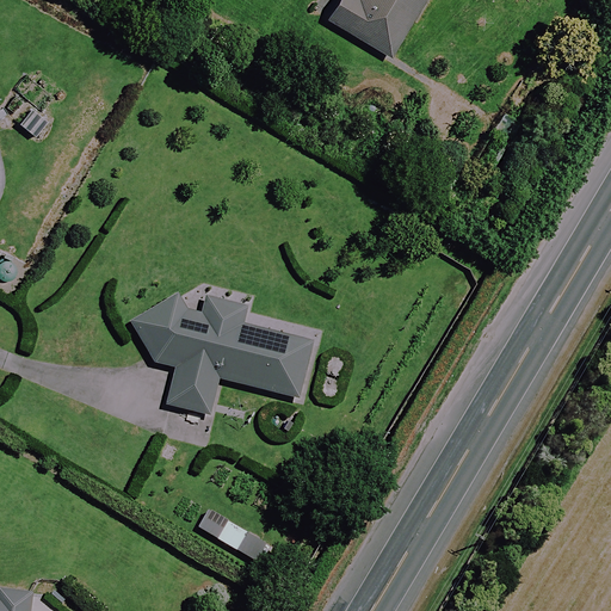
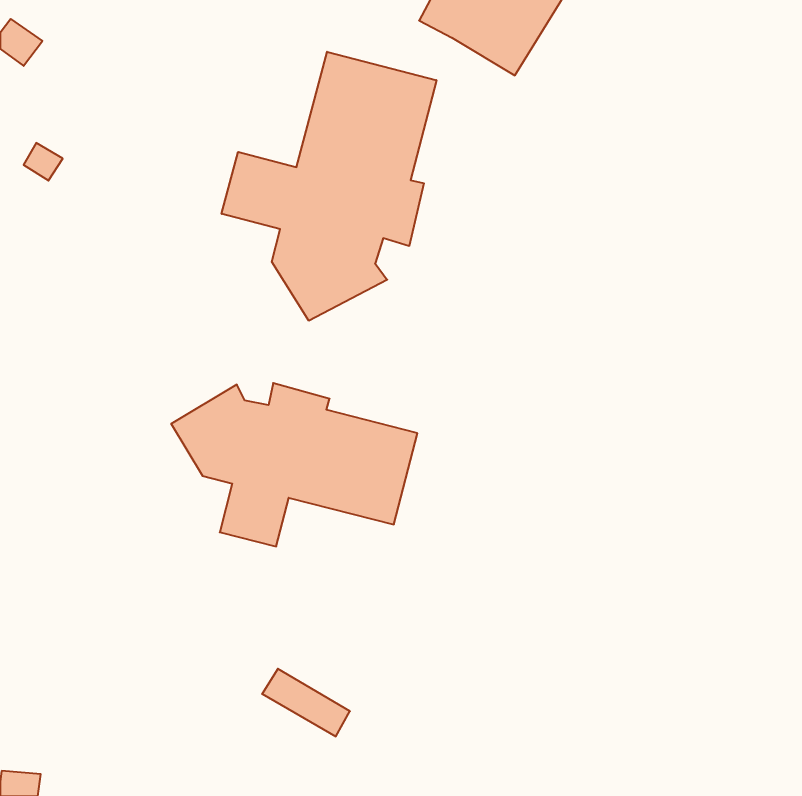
building: none -> [222,52,436,321]

